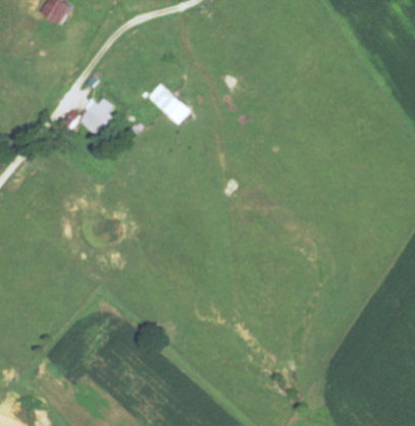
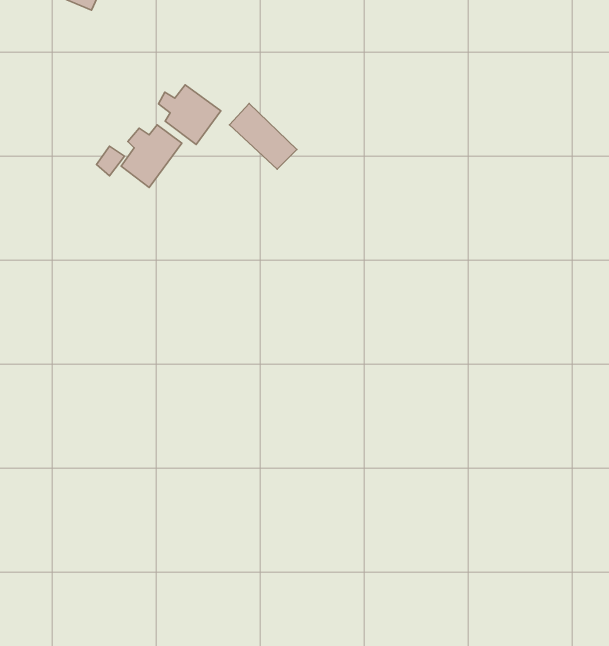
building: none -> [158,85,221,144]

